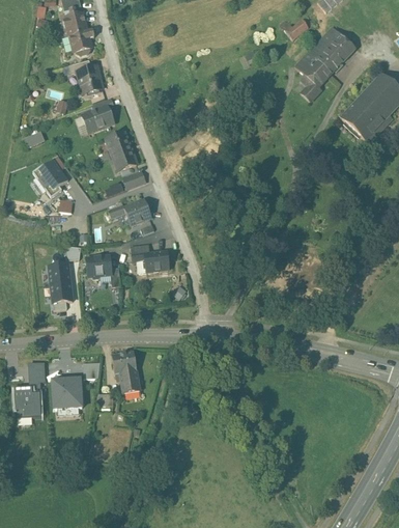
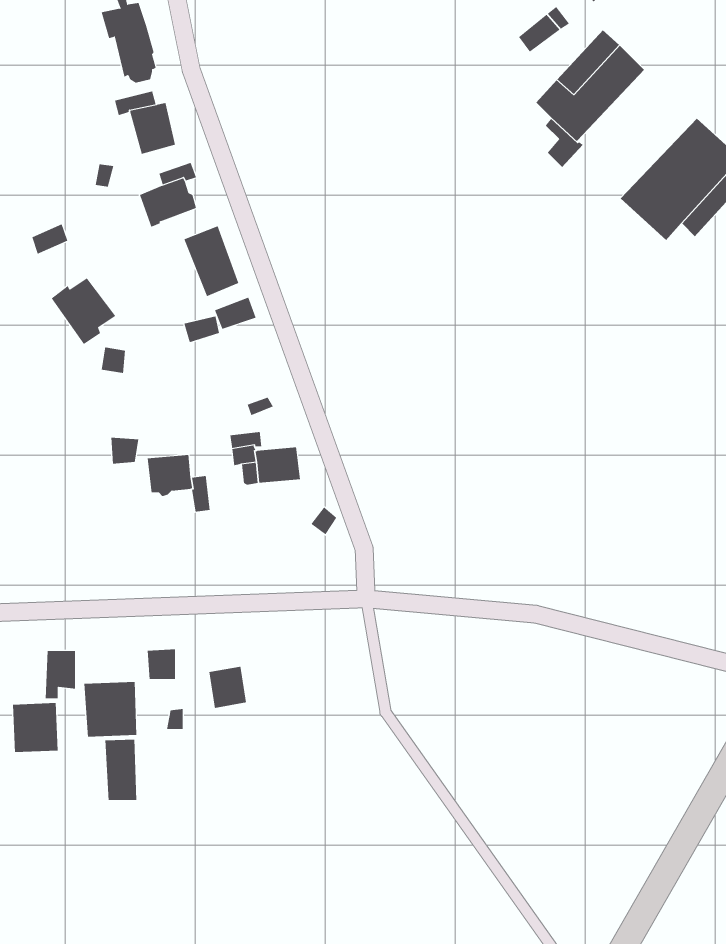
building: [108,199,151,225] -> none
building: [49,263,75,303] -> none
building: [112,352,137,373] -> none
building: none -> [105,739,137,801]

